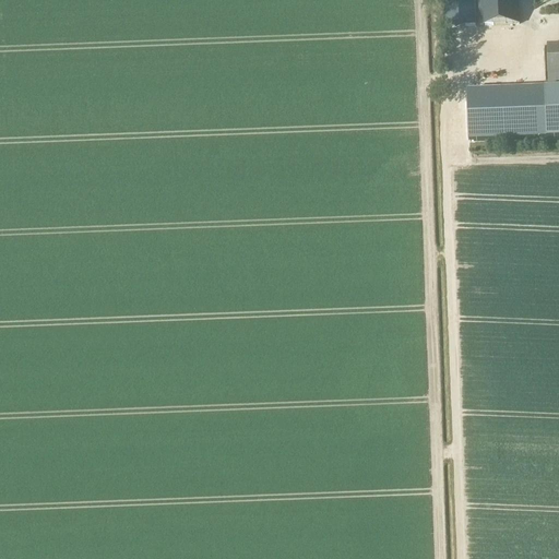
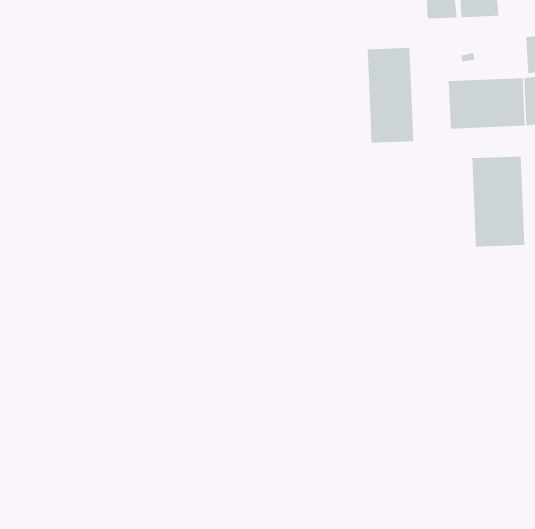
building: none -> [367,47,414,143]
building: none -> [472,156,525,247]

